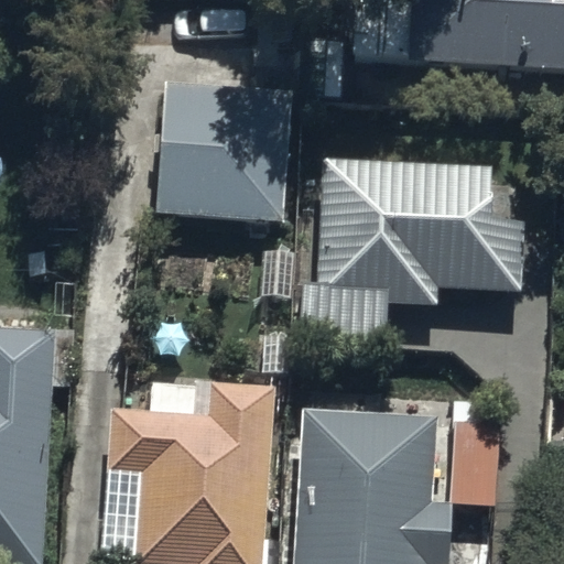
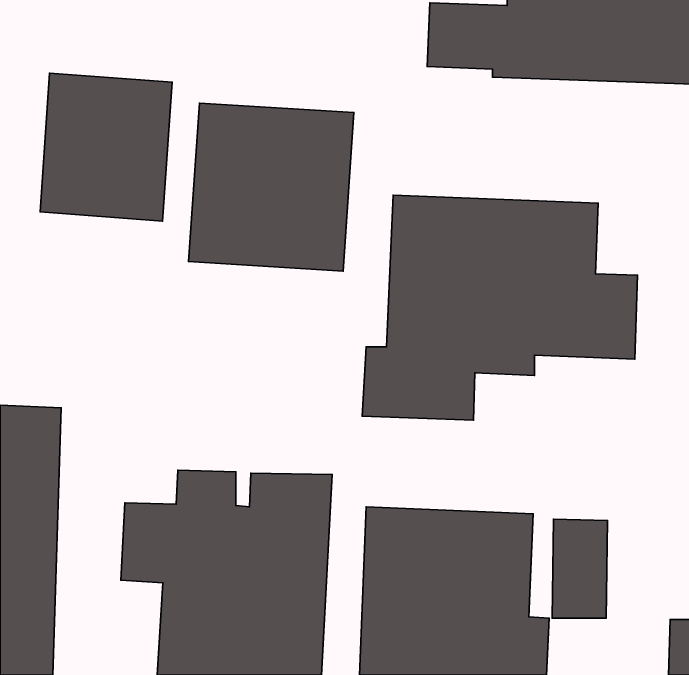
building: none -> [40,73,172,221]

